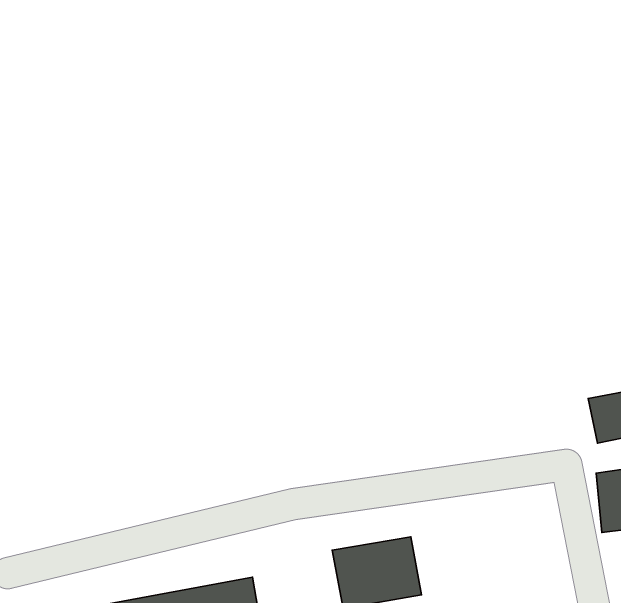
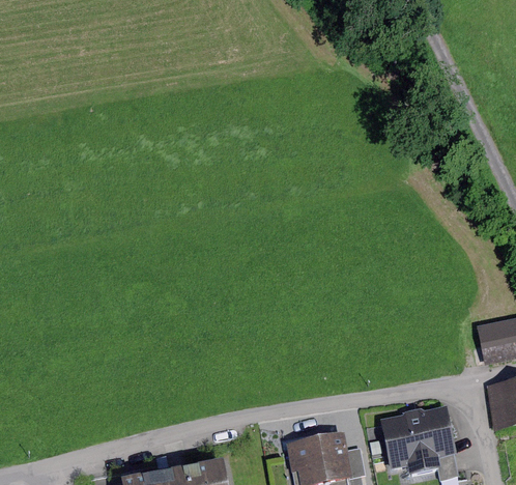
building: none -> [379,405,452,468]

